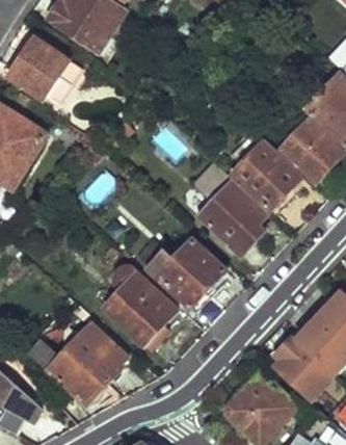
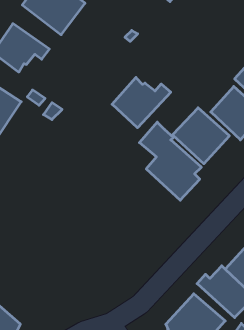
building: none -> [112,77,171,128]
building: [158,238,225,311] -> none
building: [105,269,176,343] -> none
building: [51,325,128,407] -> none

